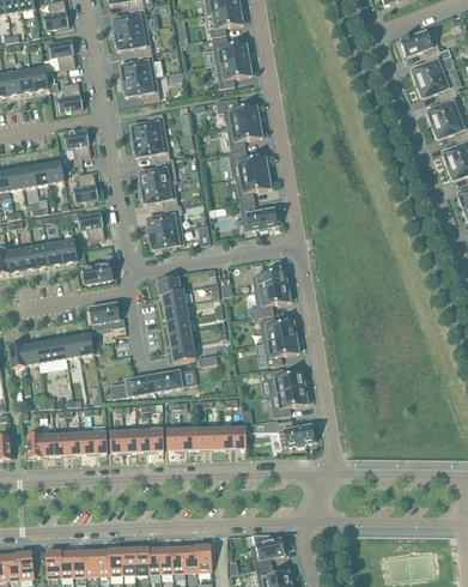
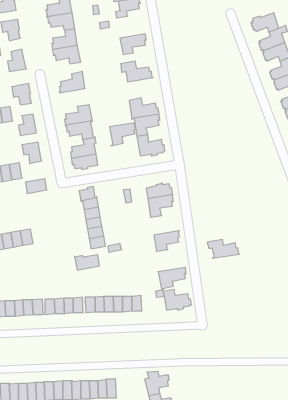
building: [211,36,250,65] -> none
building: [225,120,262,152] -> [109,123,136,146]
building: [129,135,171,161] -> none
building: [89,302,118,329] -> none
building: [259,316,298,341] -> none
building: [261,367,306,393] -> [207,240,240,258]
building: [118,371,154,394] -> none

